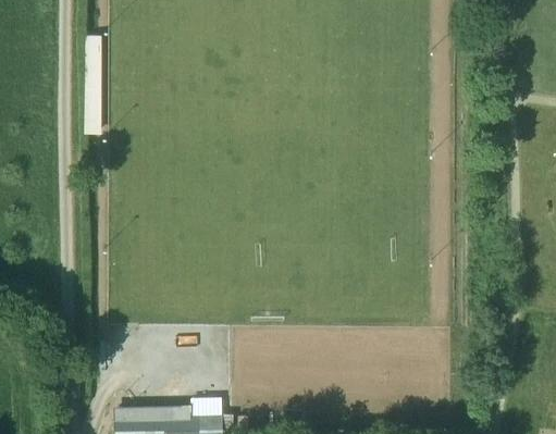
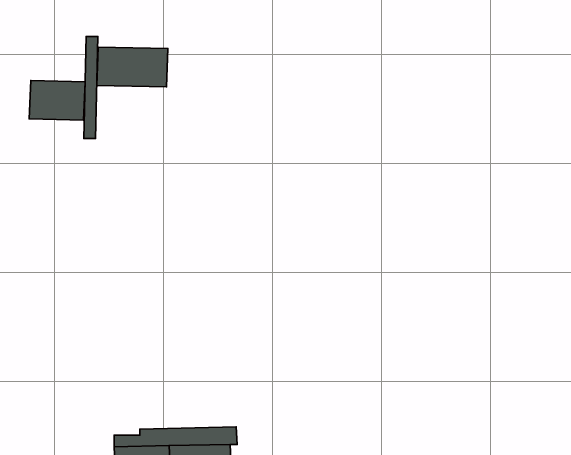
building: none -> [97,47,168,87]
building: none -> [29,81,85,120]

